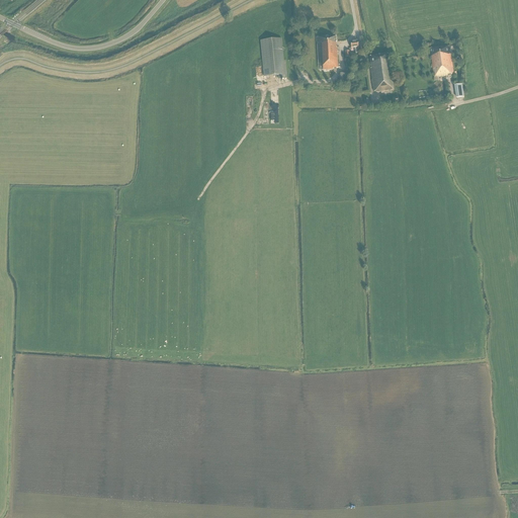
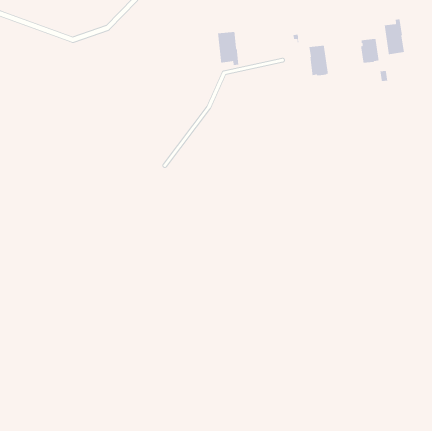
building: none -> [384,19,405,55]
building: [317,35,338,69] -> none

